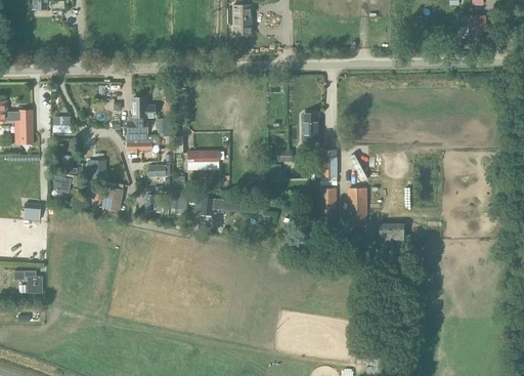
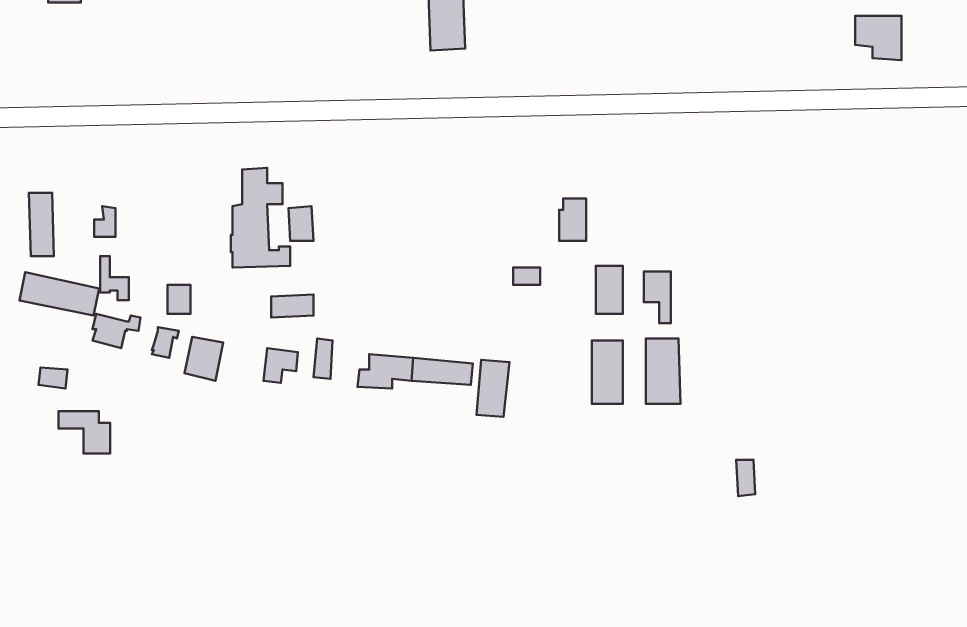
building: [187,151,219,168] -> none
building: none -> [20,272,99,315]
building: none -> [477,360,510,417]
building: [374,229,401,244] -> none
building: [14,269,42,292] -> [58,411,110,453]

